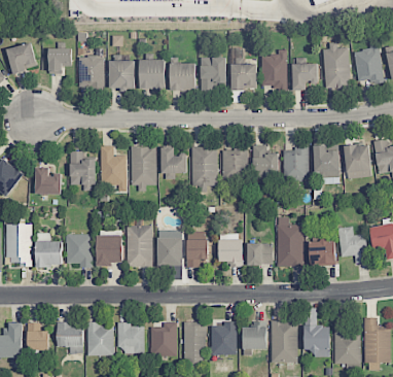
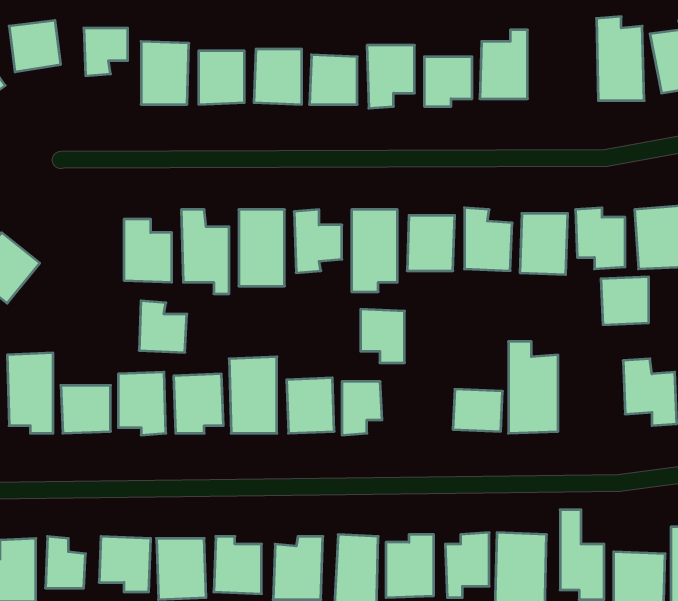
building: [291,64,317,90] -> none
building: [35,167,61,195] -> [139,301,187,352]
building: [218,239,242,268] -> [361,309,405,363]
building: [309,240,334,266] -> [601,277,649,325]

